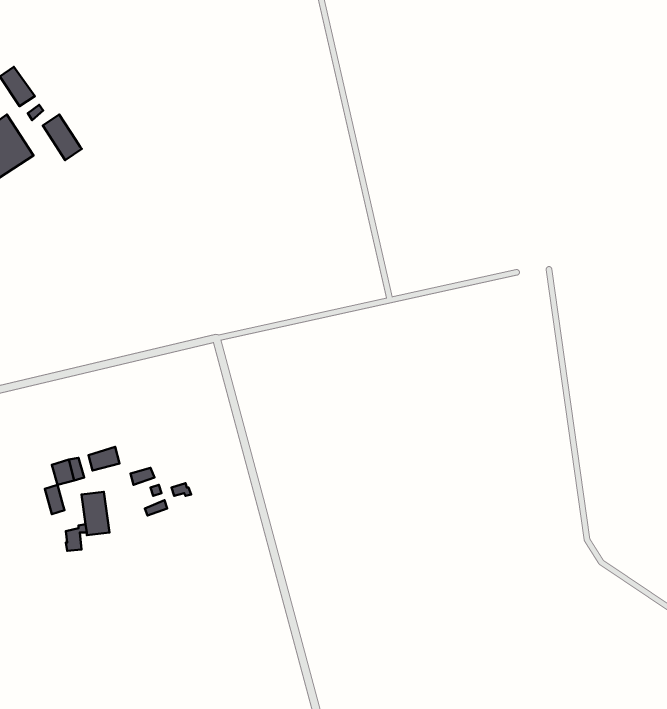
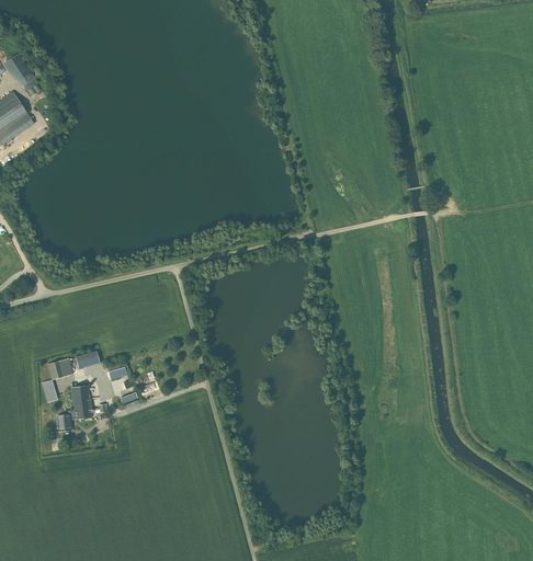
building: [43,114,82,160] -> none

